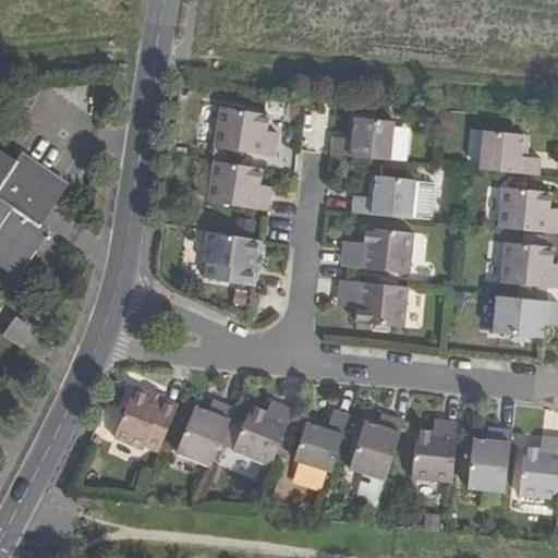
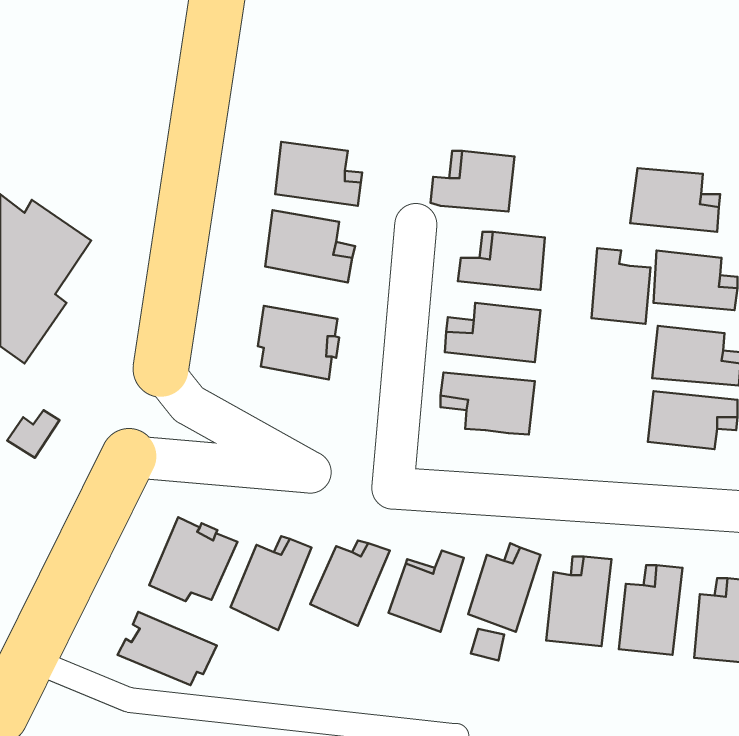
building: none -> [592,248,650,324]
building: none -> [117,612,217,685]

